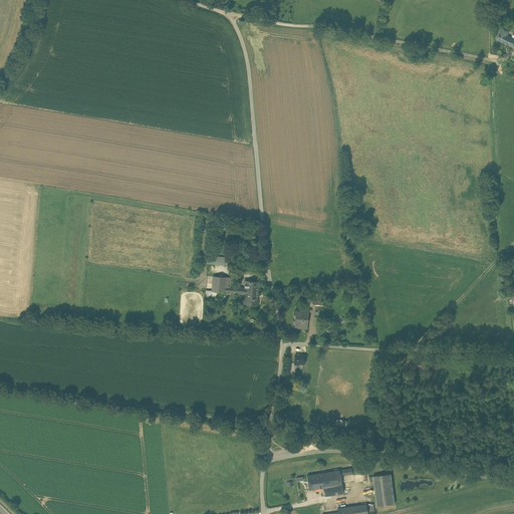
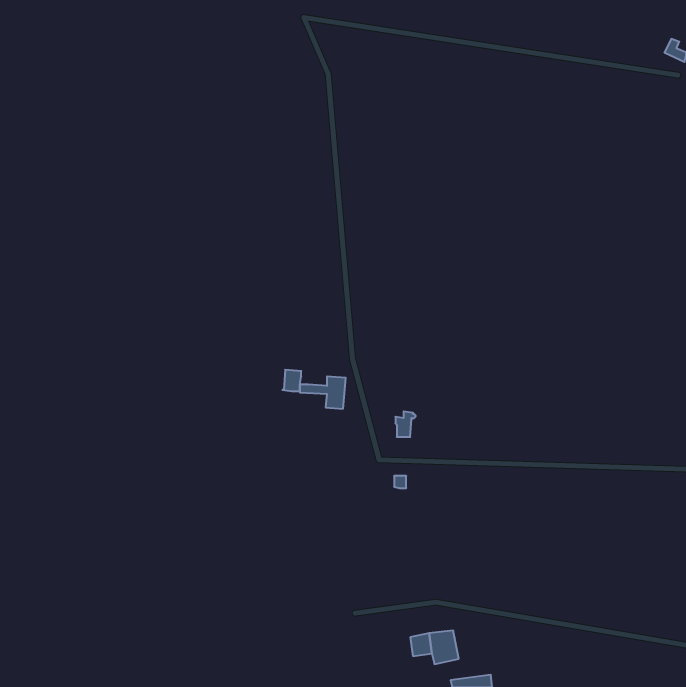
building: [372,474,394,506] -> none

